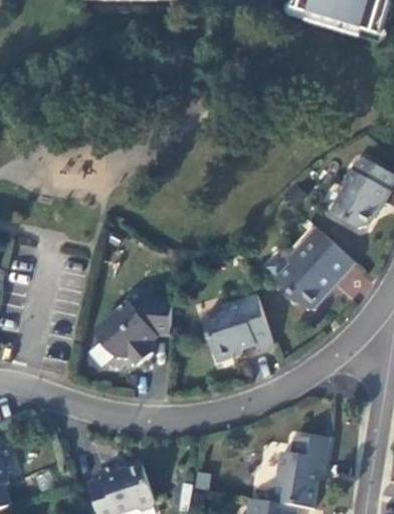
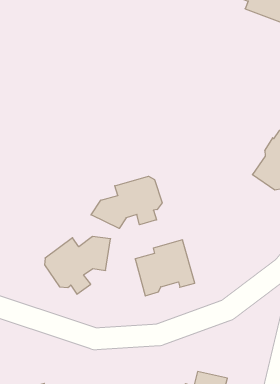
building: none -> [91,176,162,228]
building: [278,225,357,308] -> none

